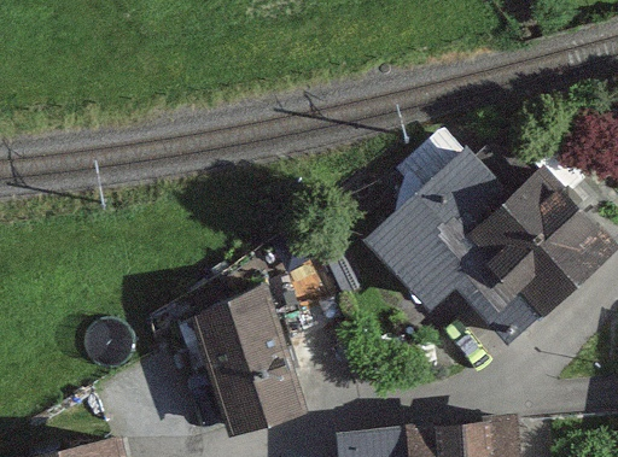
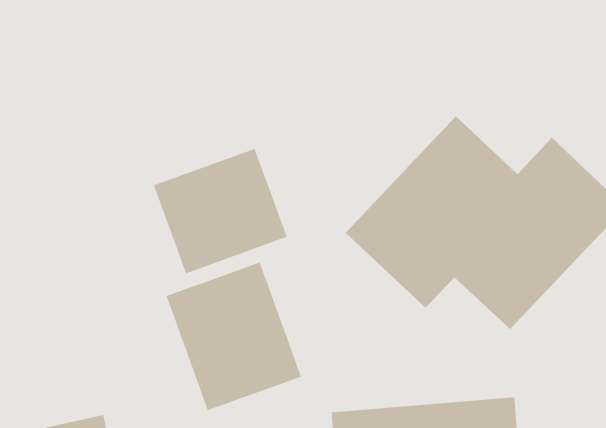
building: none -> [153,148,287,274]

